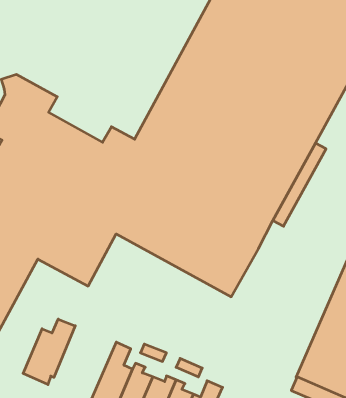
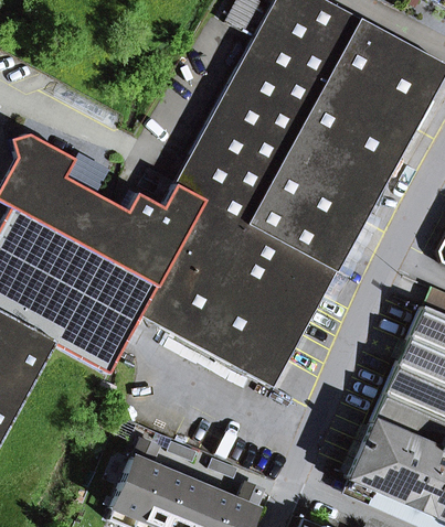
building: [23,319,75,385] -> none

